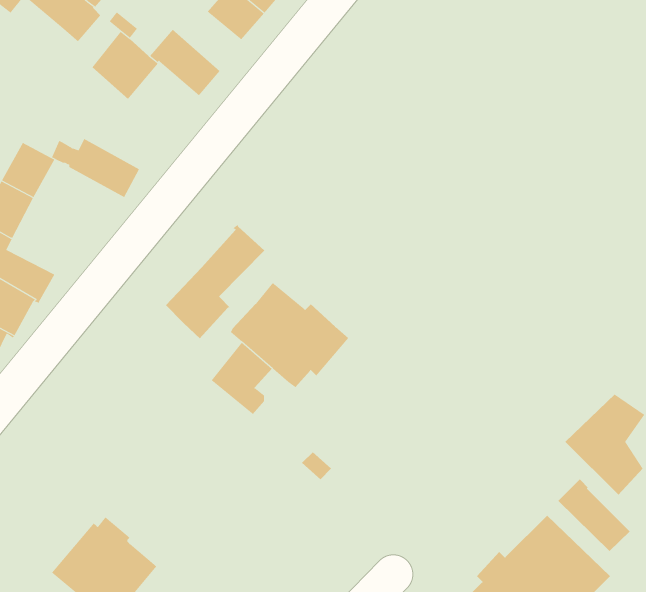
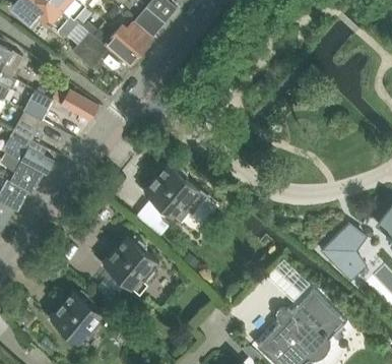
building: none -> [115,22,152,54]
building: [165,224,265,339] -> none
building: none -> [105,238,161,291]
building: [557,478,630,552] -> none

